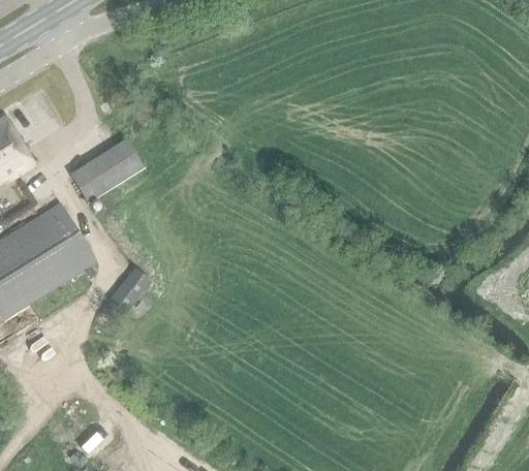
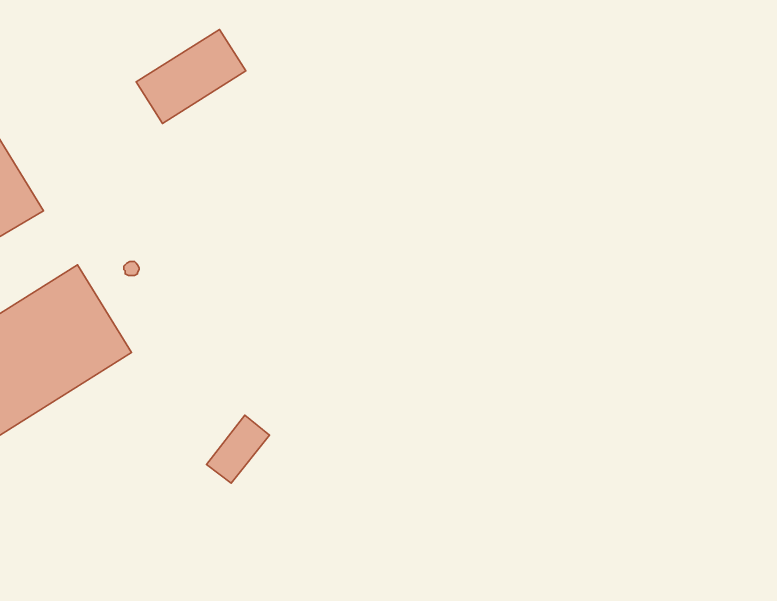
building: [69,138,143,201] -> [136,29,246,123]
building: [108,266,151,312] -> [206,415,270,483]

